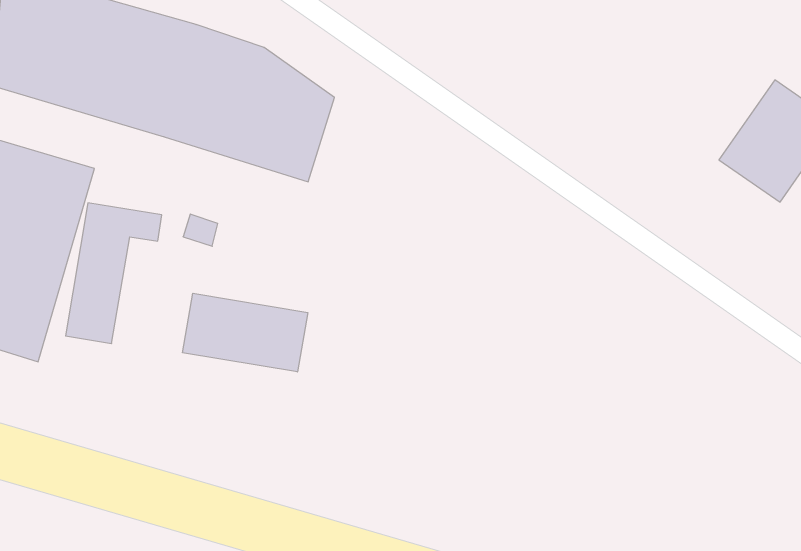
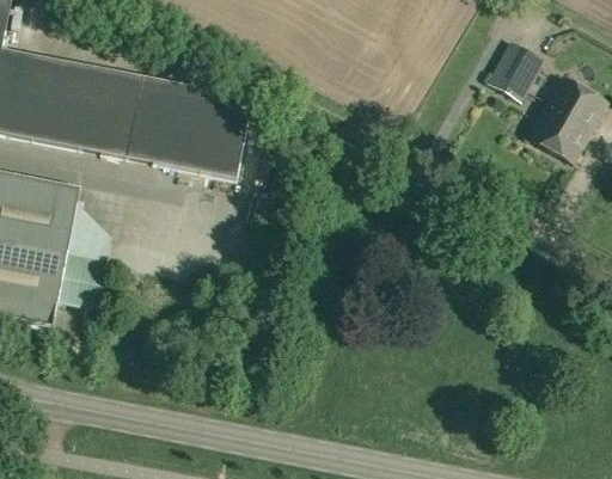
building: none -> [488,42,543,102]
building: [183,293,308,372] -> none

